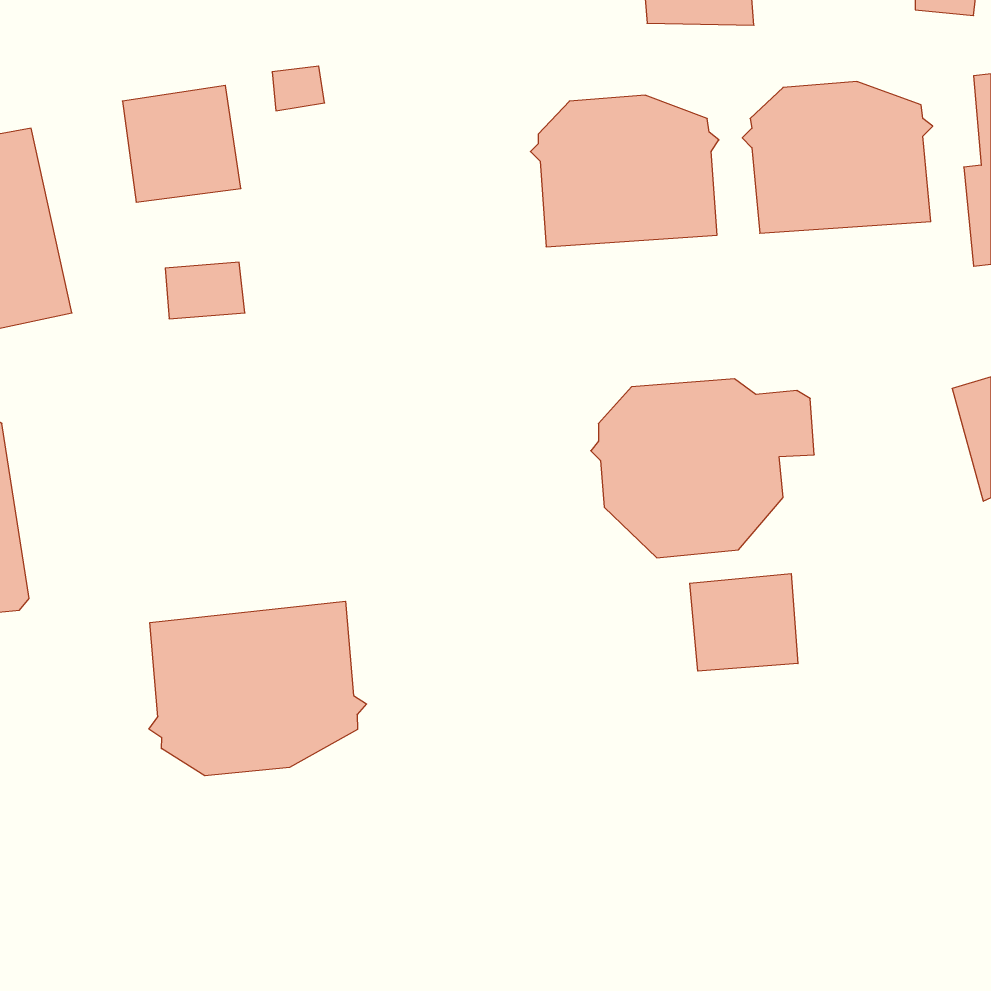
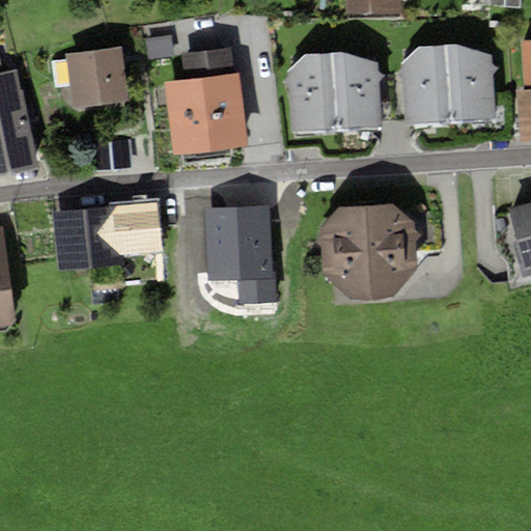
building: none -> [162,47,248,156]
building: none -> [52,200,162,271]
building: none -> [203,202,275,303]
building: [690,574,798,671] -> none
building: [149,601,367,776] -> none

